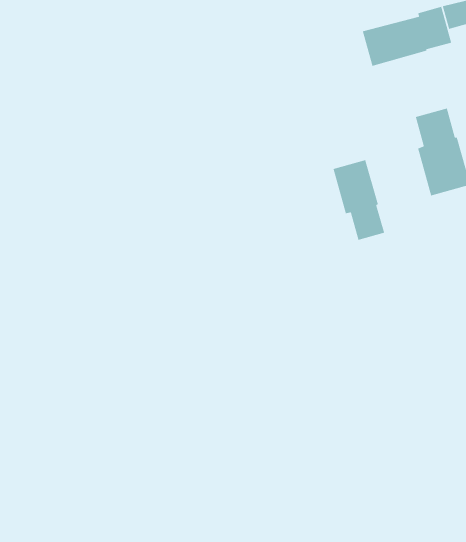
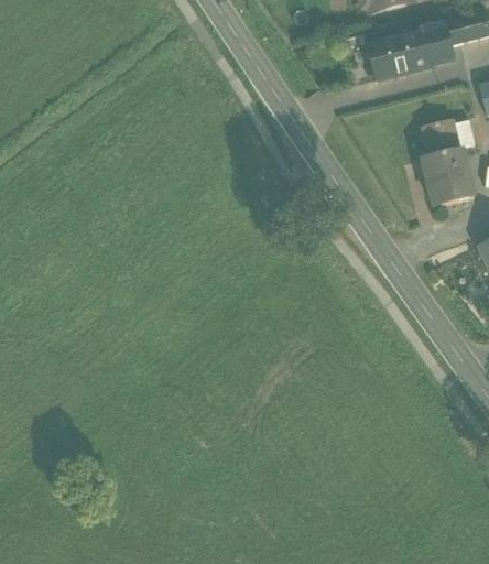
building: [332,159,385,241] -> none

